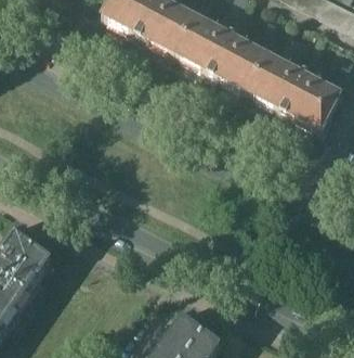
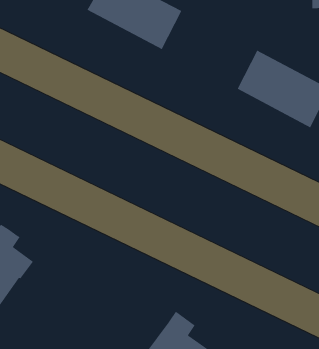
building: [174,17,266,93] -> none

